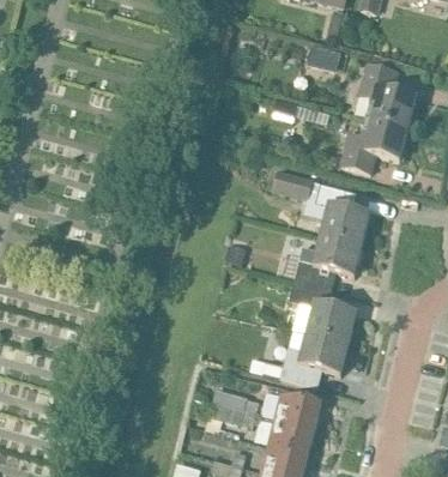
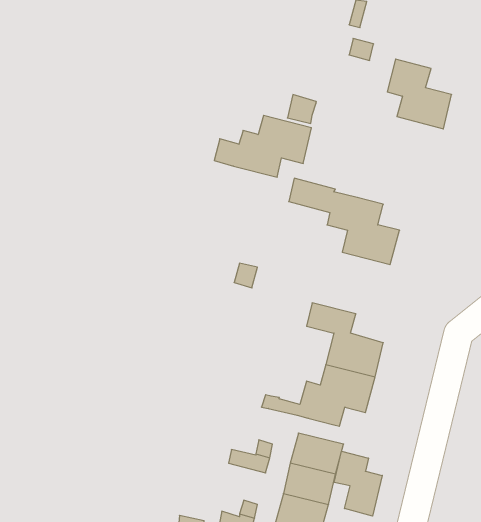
building: [340,115,408,171] -> none
building: [277,234,362,288] -> [214,115,311,177]
building: none -> [334,451,382,516]

